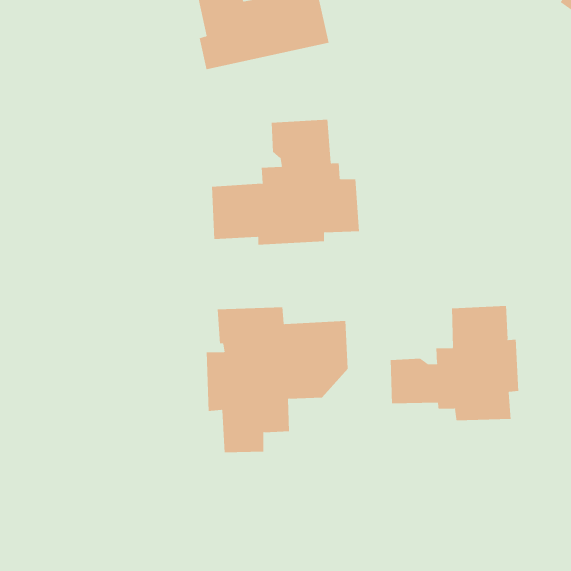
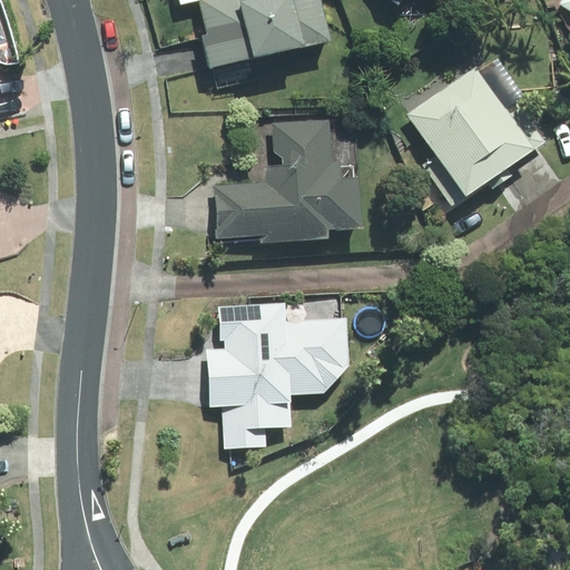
building: none -> [406,66,546,208]
building: [390,305,519,421] -> none

